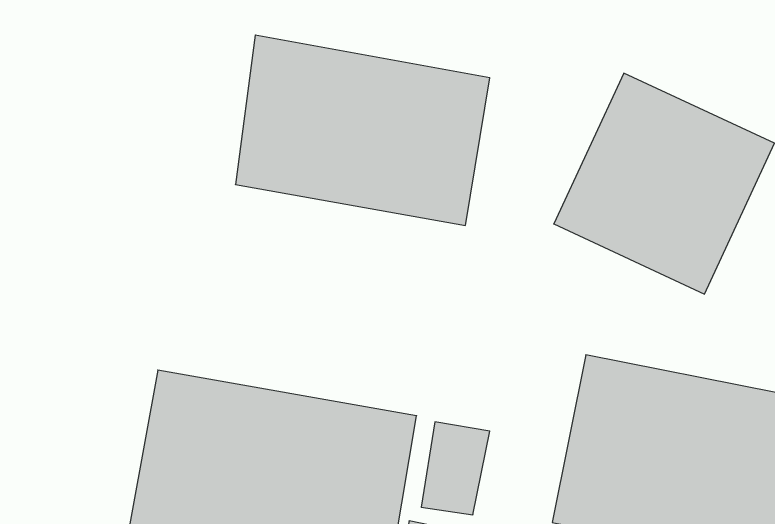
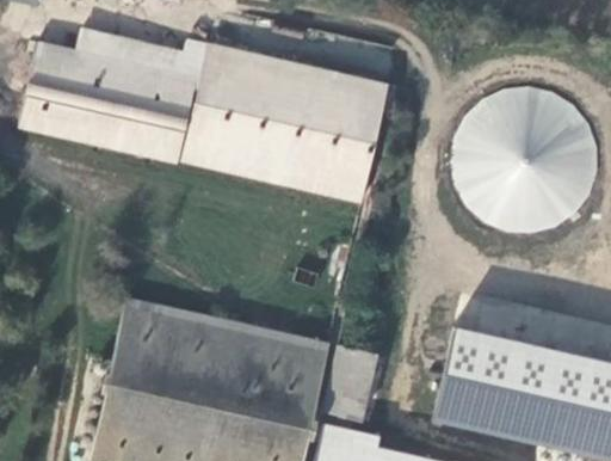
building: none -> [19,33,193,158]

